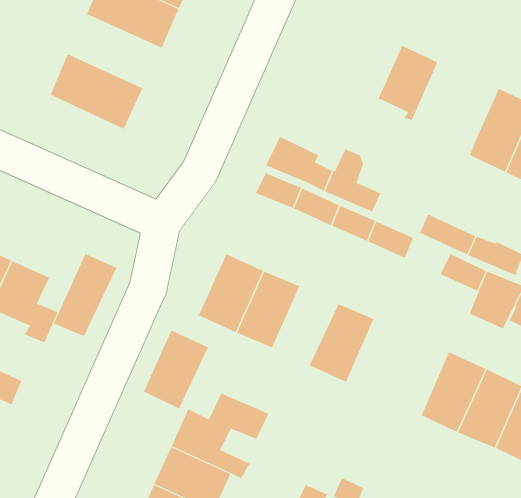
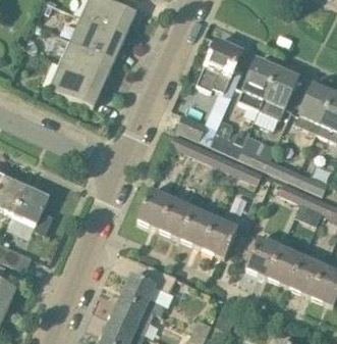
building: none -> [58,40,114,84]
building: none -> [195,41,240,116]
building: none -> [260,68,297,114]
building: none -> [238,143,274,169]
building: [53,253,117,337] -> none
building: [143,330,209,409] -> [179,201,218,248]
building: none -> [244,231,283,278]

